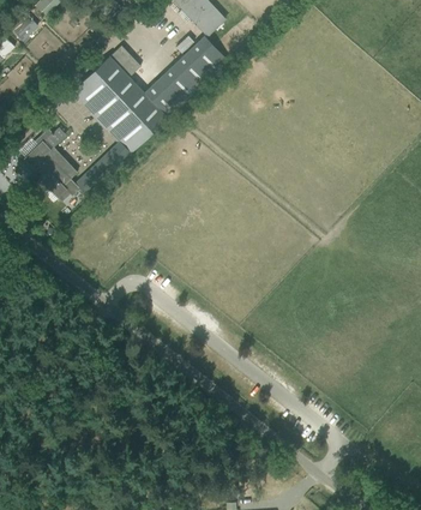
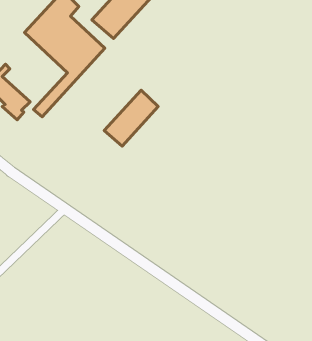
building: none -> [104,90,158,146]

